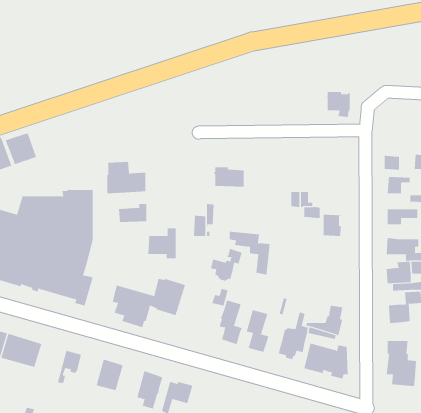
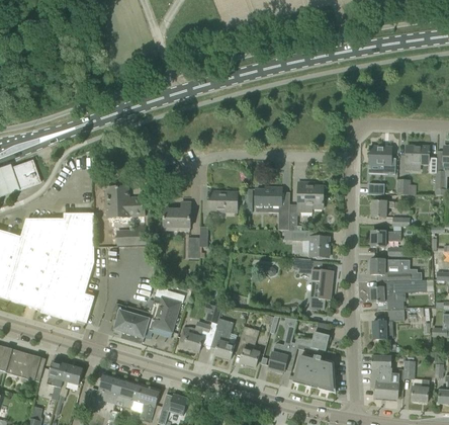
building: [325,92,350,117] -> [367,146,391,170]
building: none -> [297,181,324,212]
building: none -> [255,187,282,209]
building: [148,228,176,259] -> [163,201,190,231]
building: [229,231,270,275] -> [293,258,333,300]
building: [210,248,242,281] -> [180,321,210,352]
building: none -> [46,360,68,400]
building: none -> [115,378,142,409]

